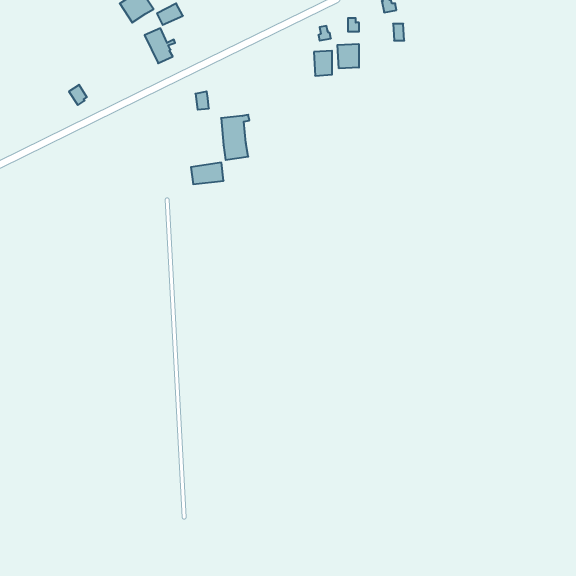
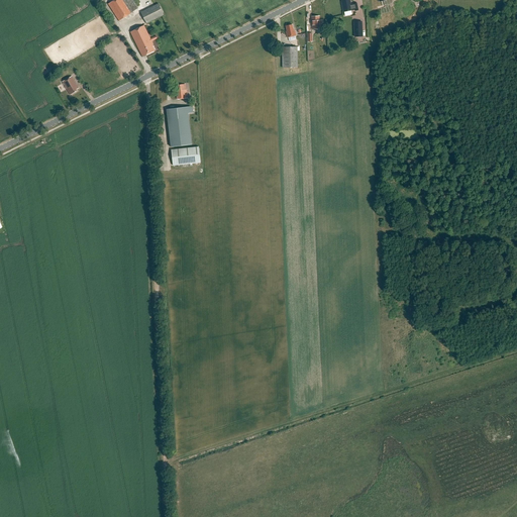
building: [337,44,359,68] -> none
building: [221,115,249,160] -> [167,106,192,146]

